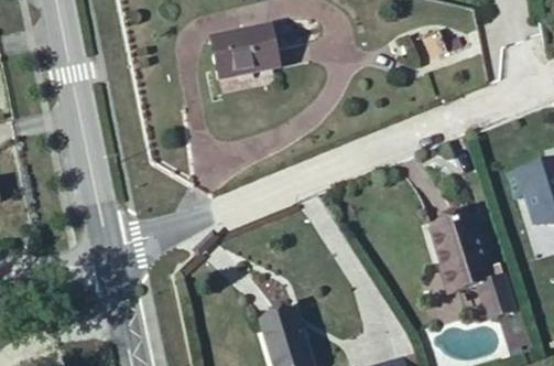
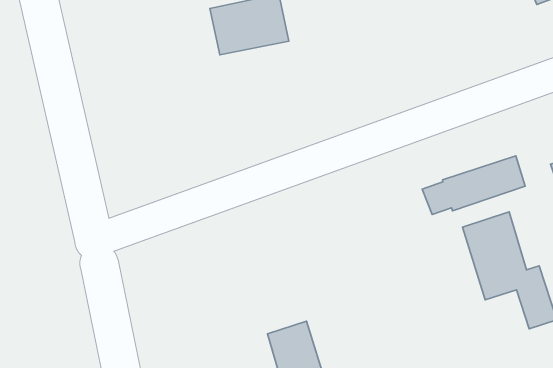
building: none -> [422,156,525,215]

